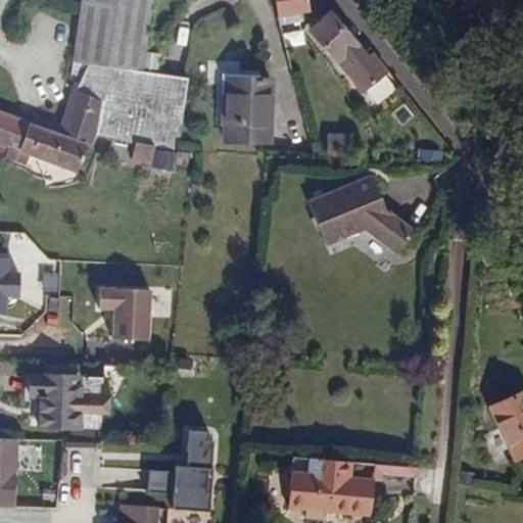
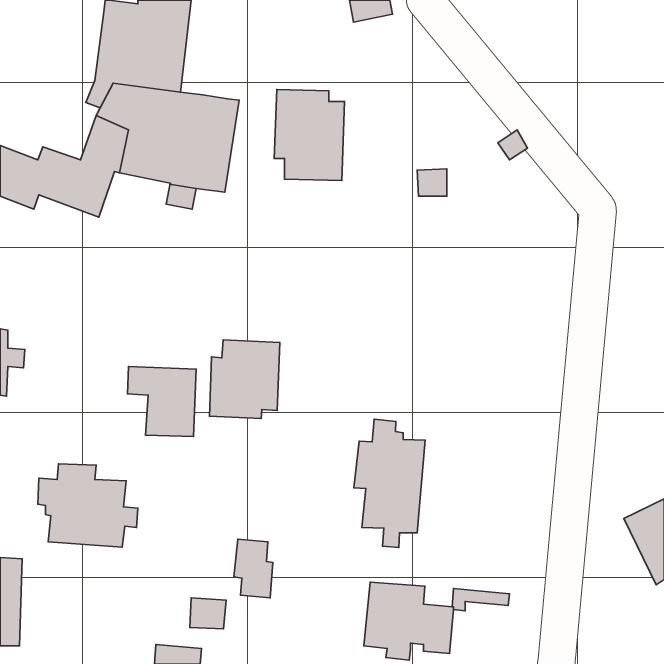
building: [310,13,386,94] -> none
building: [307,173,414,250] -> none
building: none -> [210,340,280,418]
building: none -> [354,419,425,548]
building: [175,467,215,511] -> none

